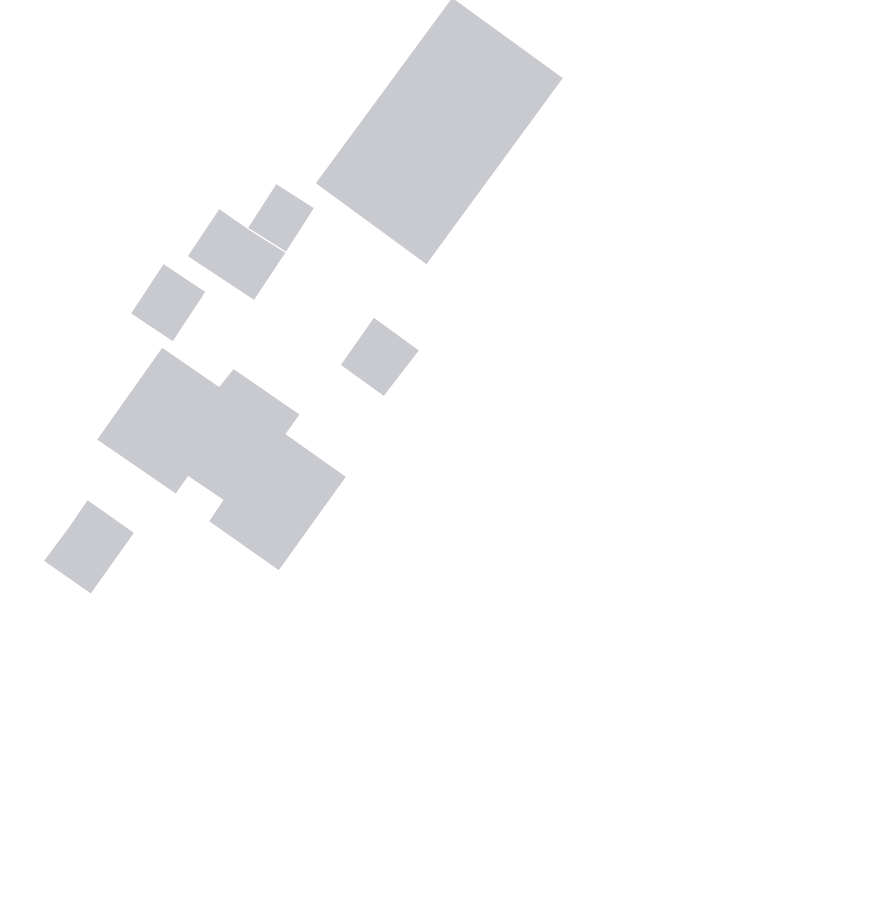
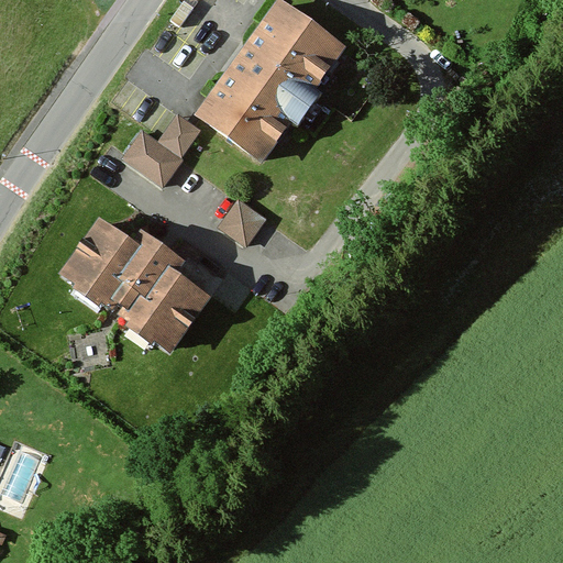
building: [130,263,206,342] -> none
building: [43,499,135,595] -> none

